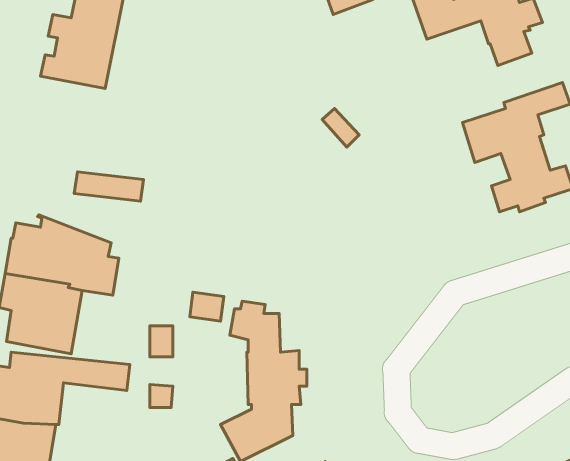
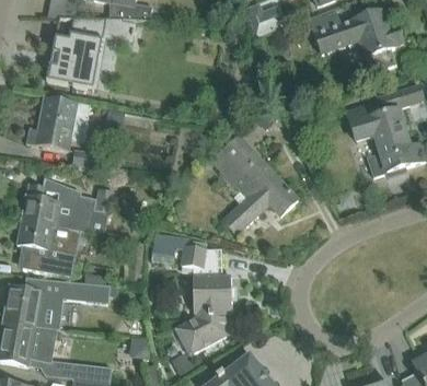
building: none -> [27,97,90,151]
building: none -> [212,136,298,234]

